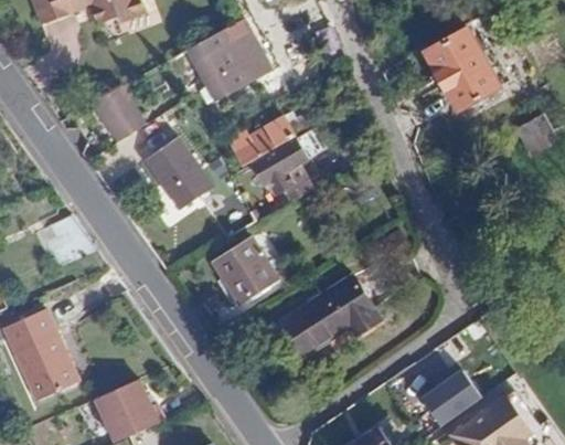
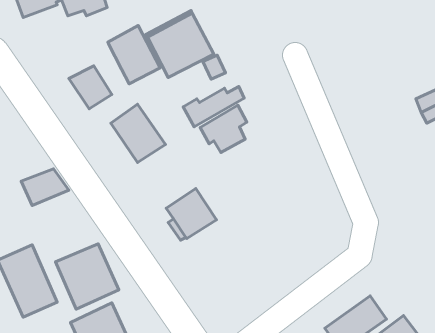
building: [426,31,498,109] -> none
building: none -> [108,26,160,84]
building: [279,272,380,353] -> none
building: none -> [55,244,119,309]

